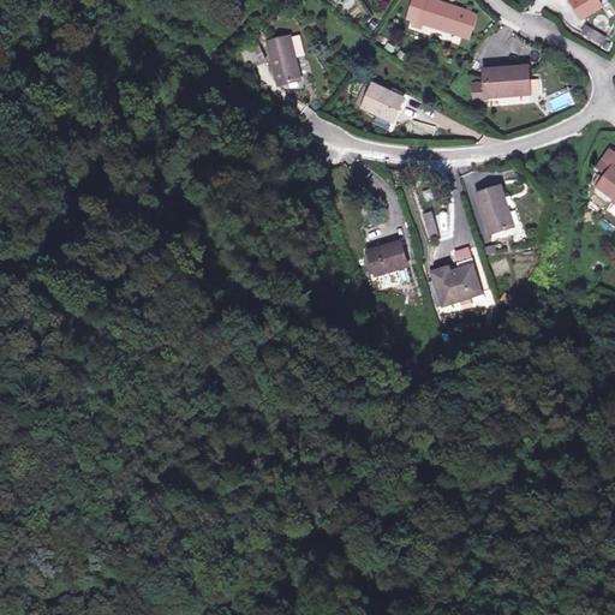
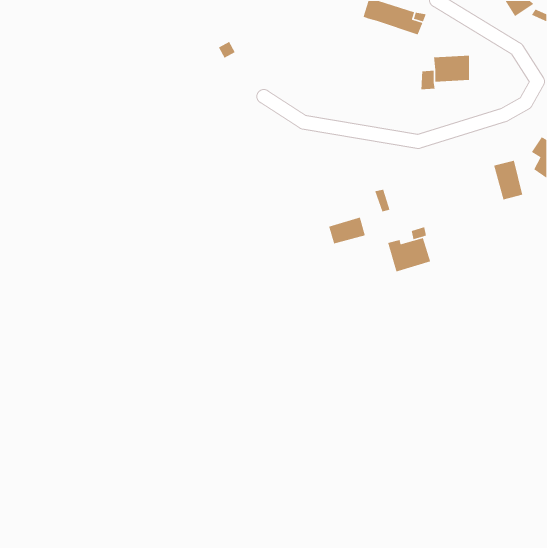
building: [267,36,300,85] -> none
building: [359,80,402,121] -> none
building: [478,185,512,231] -> [493,160,523,201]

